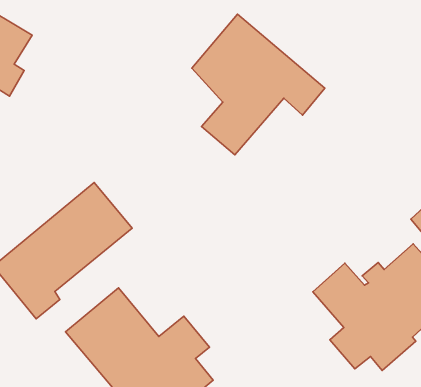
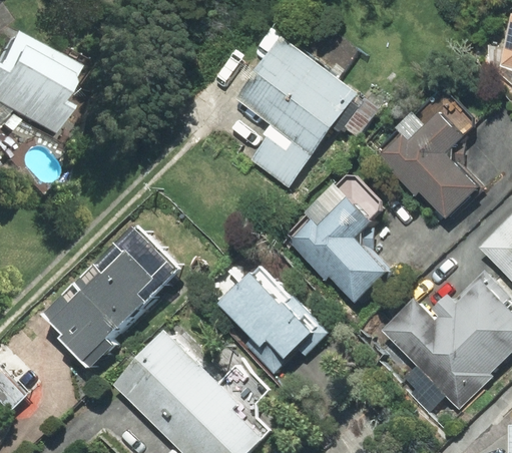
building: none -> [370,83,481,218]
building: none -> [286,173,390,301]
building: none -> [219,263,333,366]

